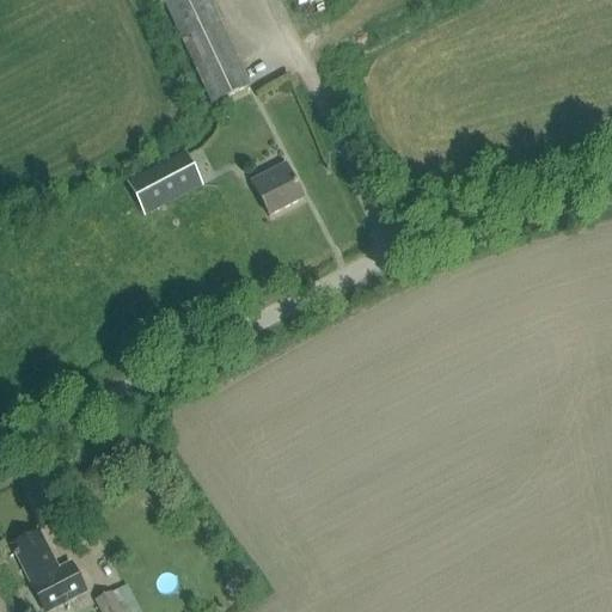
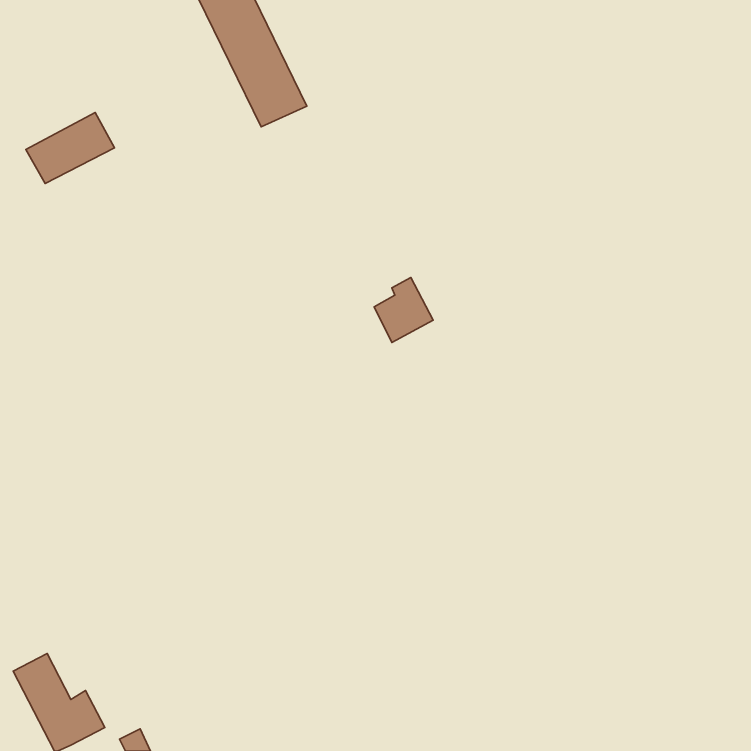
building: [130,154,202,212] -> [26,113,114,183]
building: [257,164,305,216] -> [374,277,433,342]

